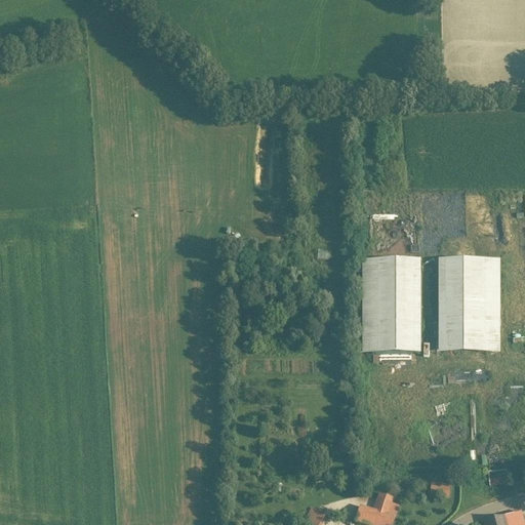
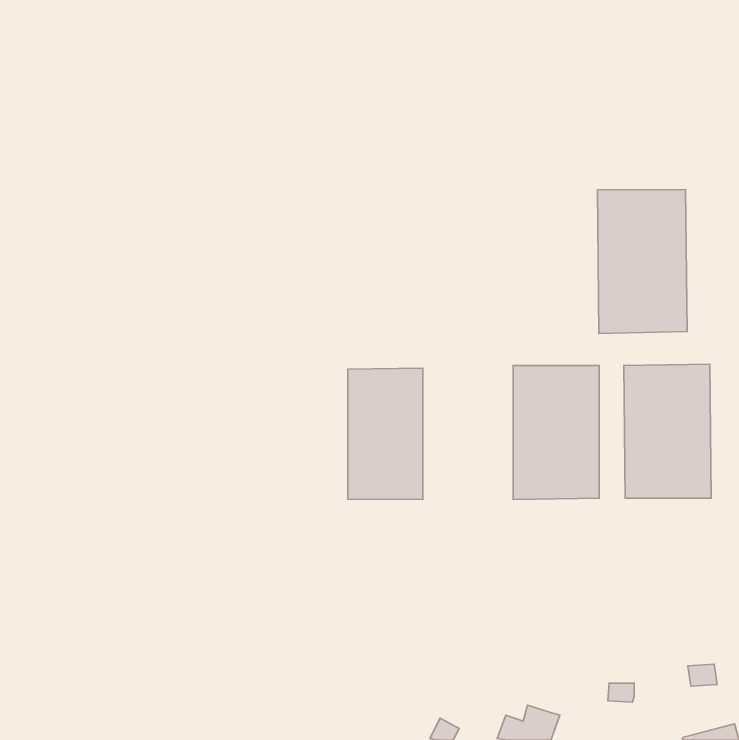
building: none -> [597,189,687,333]
building: none -> [348,368,423,500]

